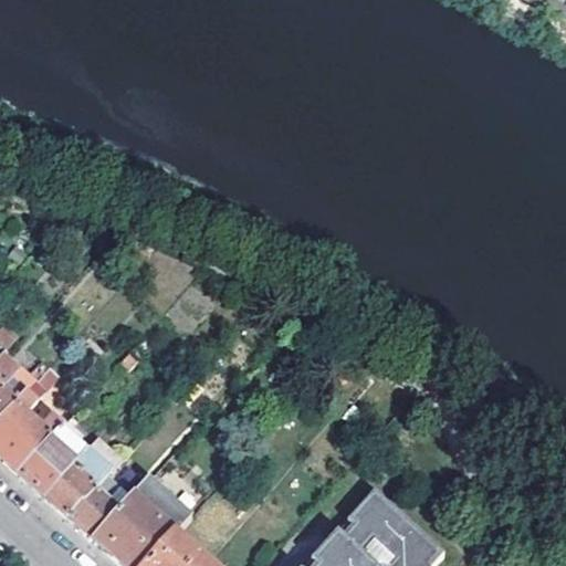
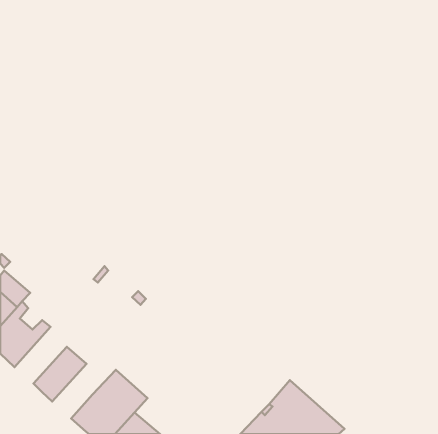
building: [19,418,83,495] -> none
building: [67,462,128,541] -> none

